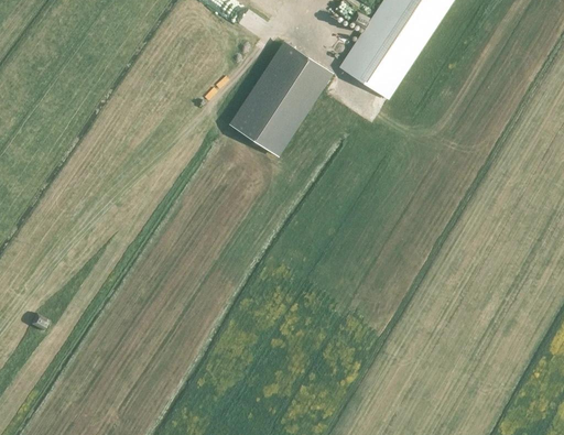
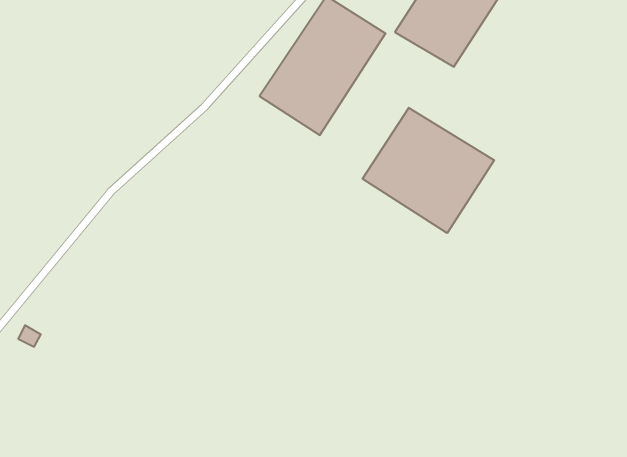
building: none -> [363,108,494,233]

